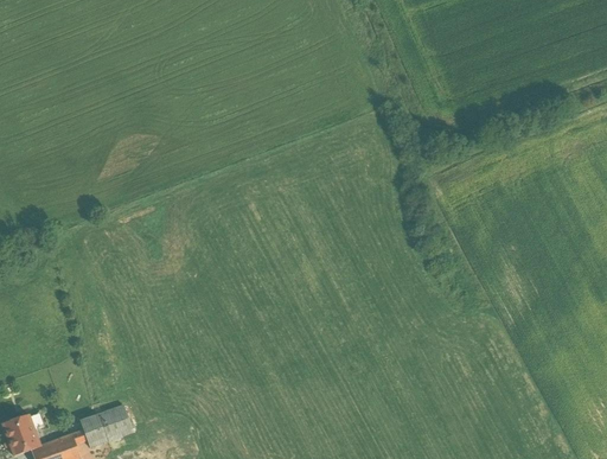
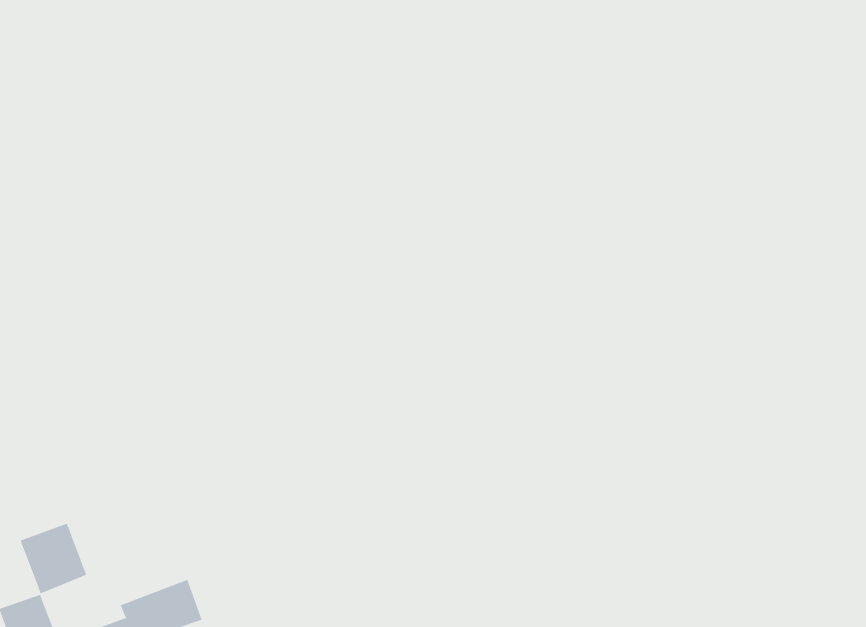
building: none -> [20,523,87,594]

